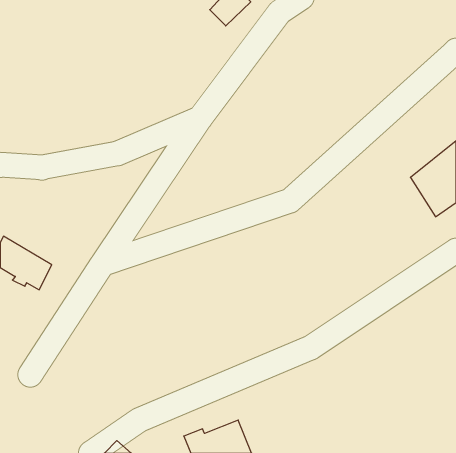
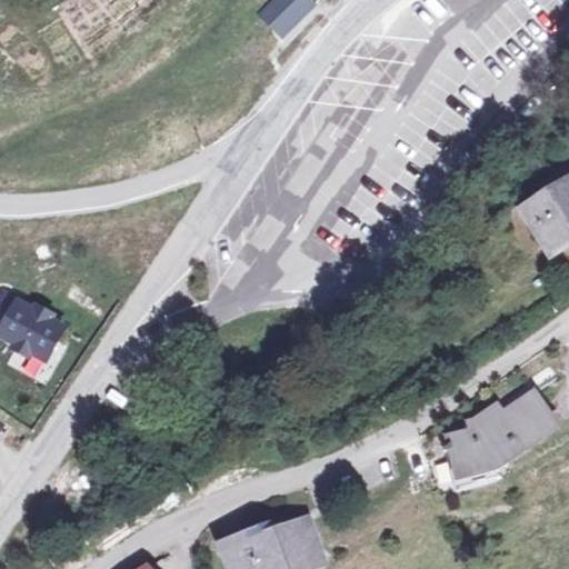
building: none -> [449,383,563,476]

